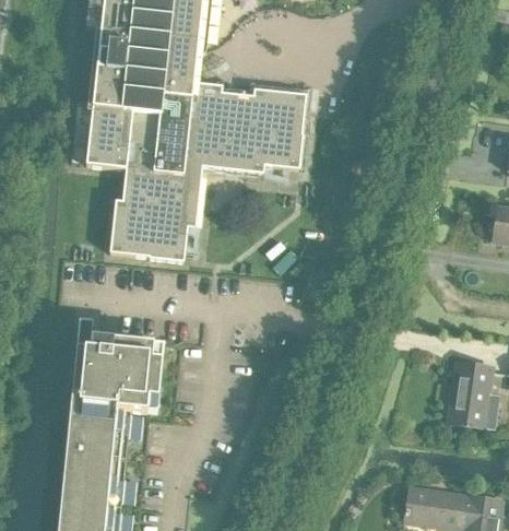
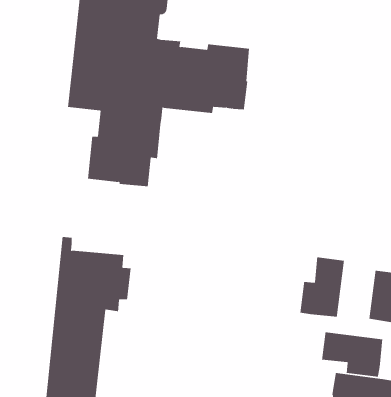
building: none -> [300,256,345,317]
building: none -> [321,332,383,378]

